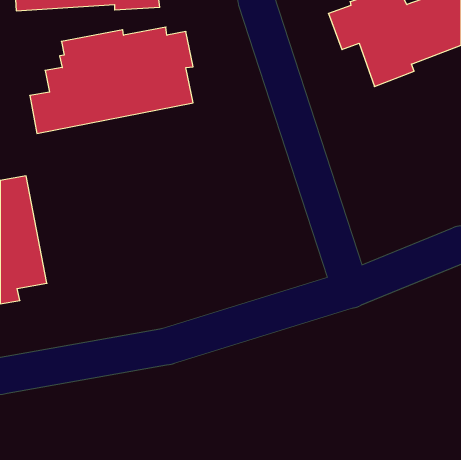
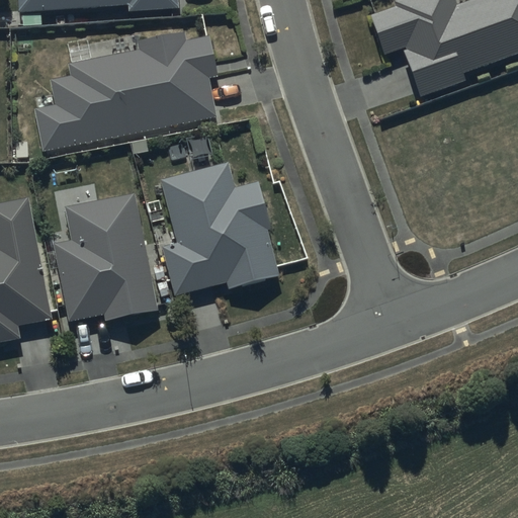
building: none -> [160,163,277,295]
building: none -> [55,194,157,322]

